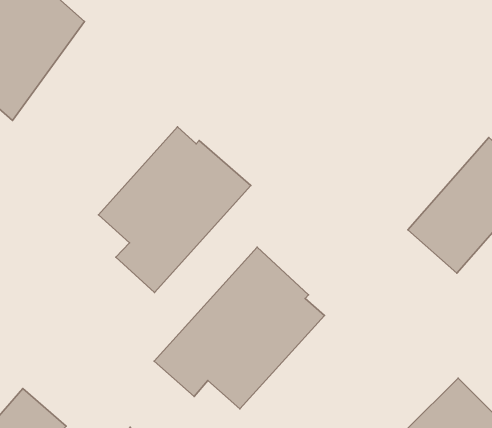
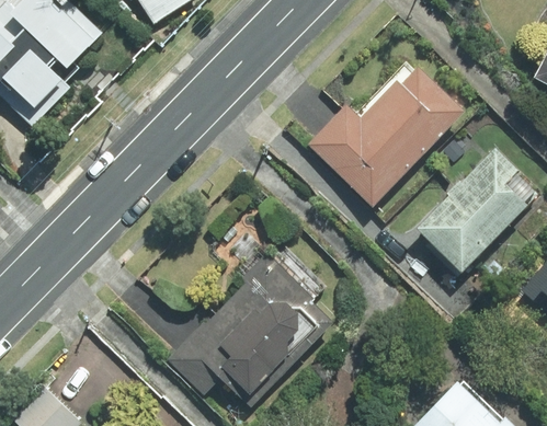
building: none -> [314,58,467,207]
building: [98,127,251,292] -> none

